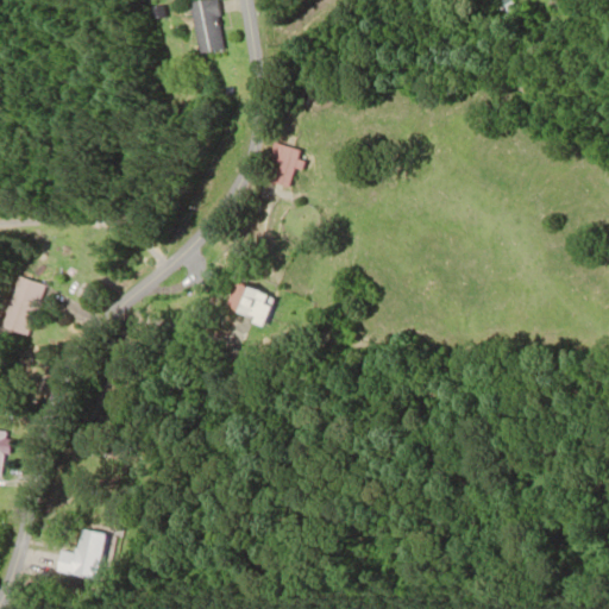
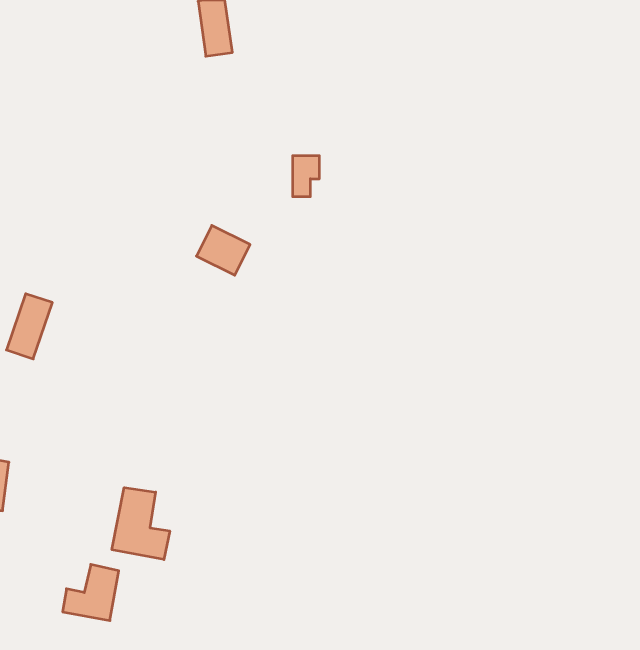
building: [224,280,274,326] -> [196,225,250,275]
building: none -> [112,488,170,560]

